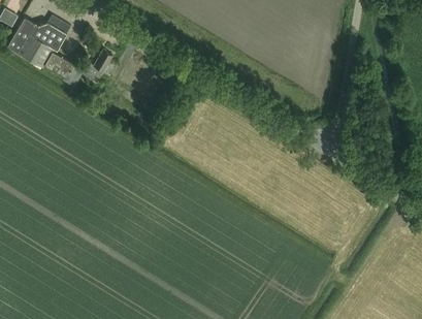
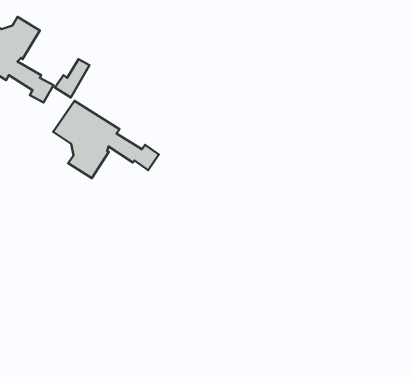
building: none -> [53,101,159,178]

